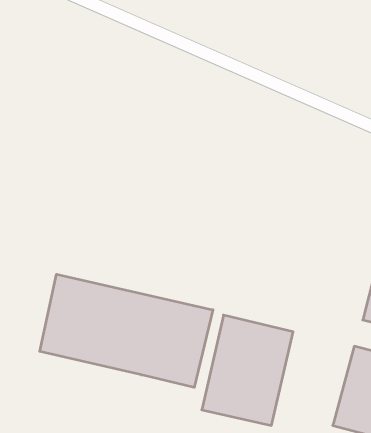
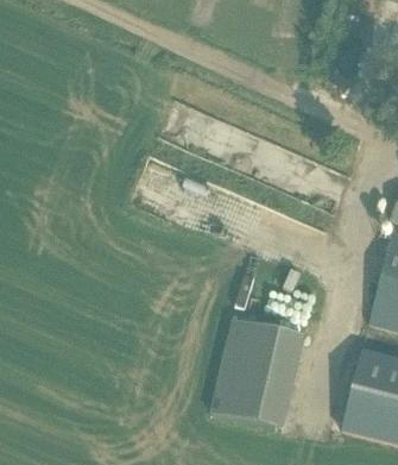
building: [40,274,213,387] -> none

